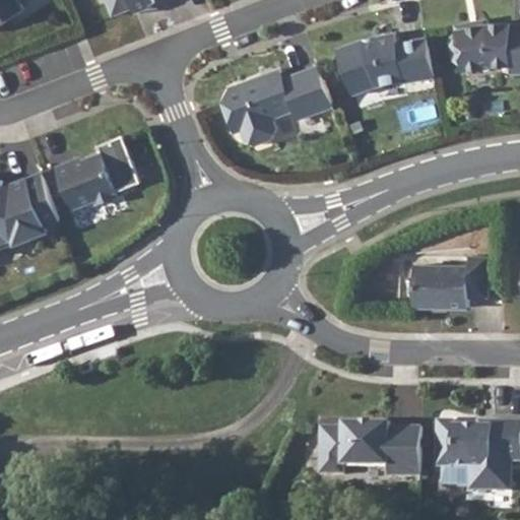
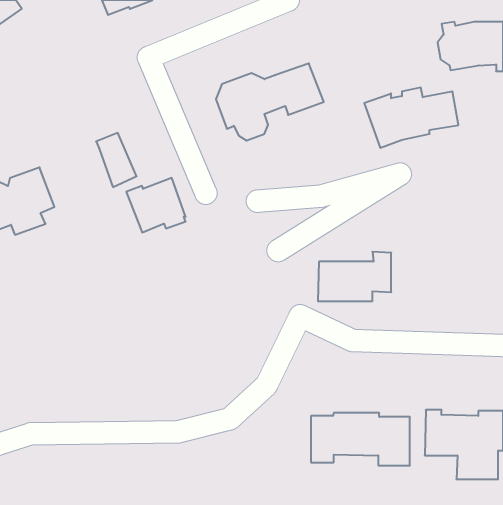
building: [335,32,432,94] -> [364,87,458,148]
building: [55,153,116,209] -> [126,178,186,232]
building: [412,257,488,308] -> [318,252,391,301]

